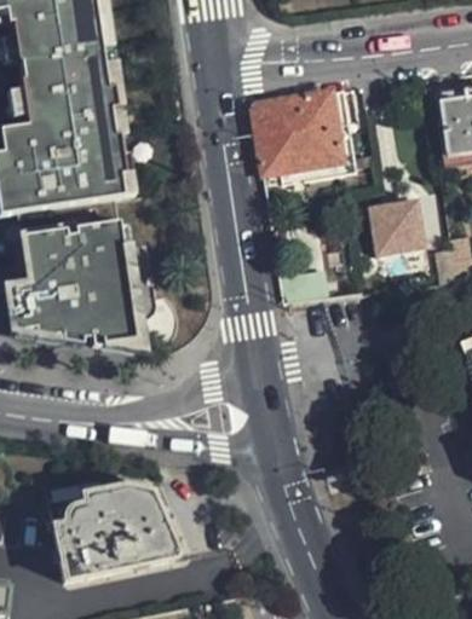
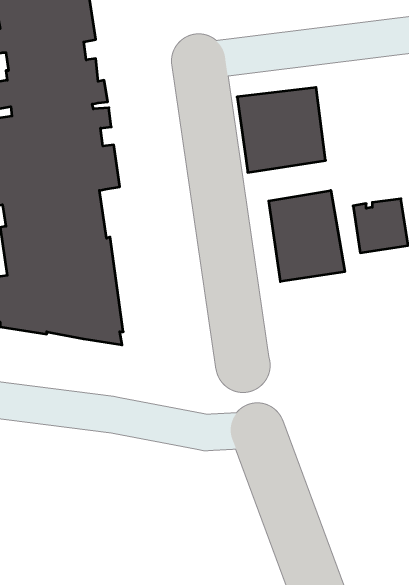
building: none -> [269,190,345,282]
building: [48,484,175,579] -> none

